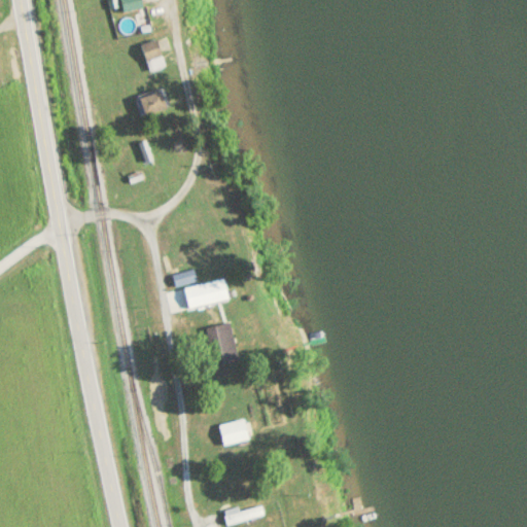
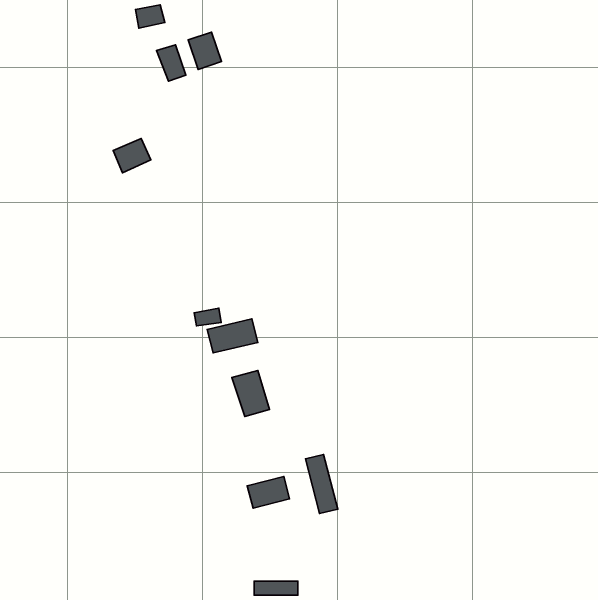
building: none -> [188,32,222,69]
building: [136,87,169,117] -> [113,139,151,173]
building: none -> [305,455,338,514]

